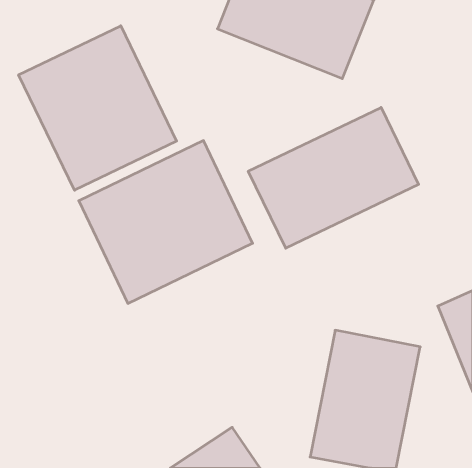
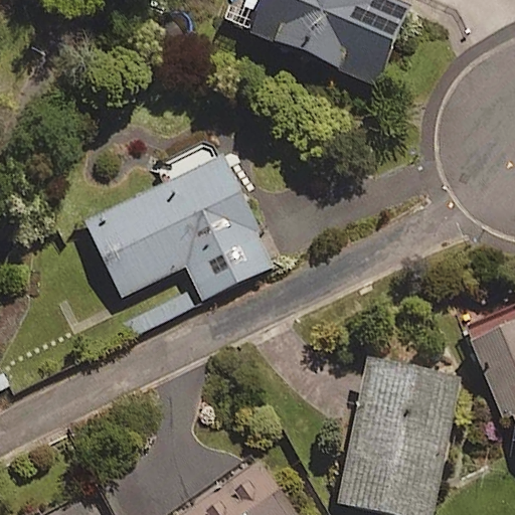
building: [19,26,177,190] -> none
building: [248,107,419,248] -> none

